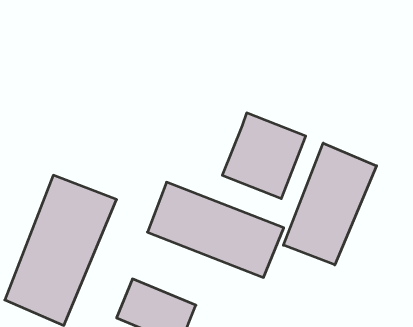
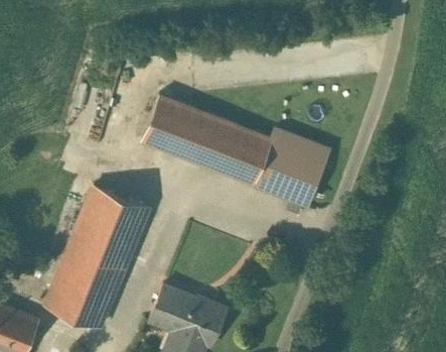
building: [283,143,377,265] -> none
building: [147,182,284,277] -> [140,95,270,186]

